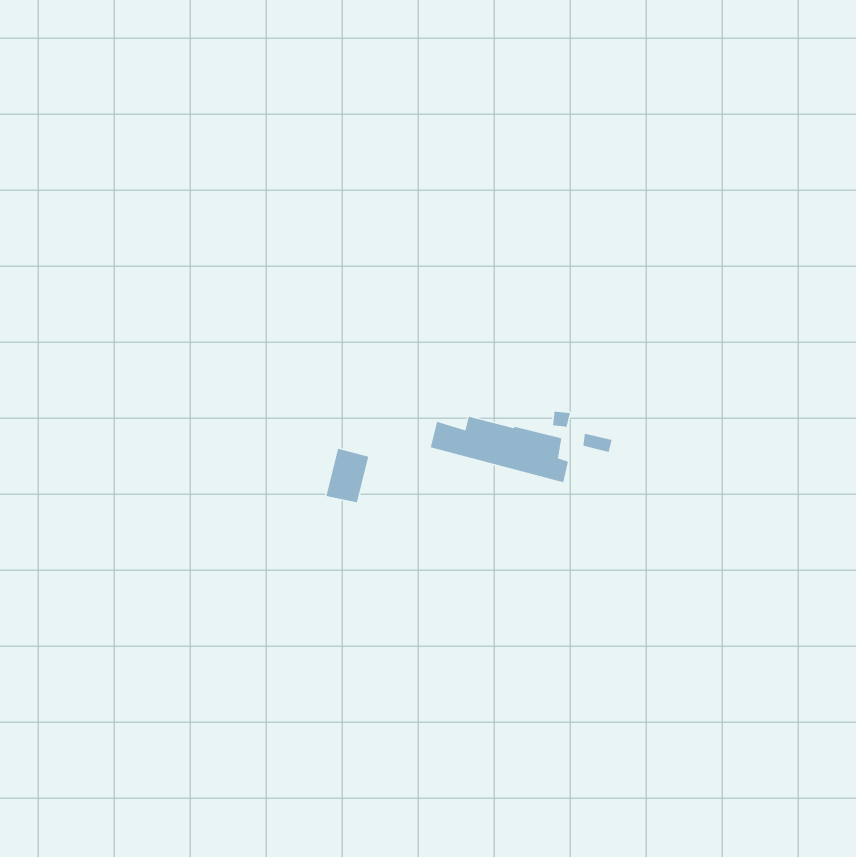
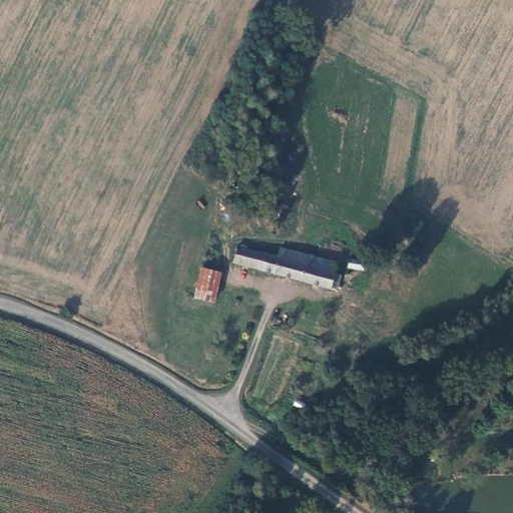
building: none -> [233,245,261,268]

